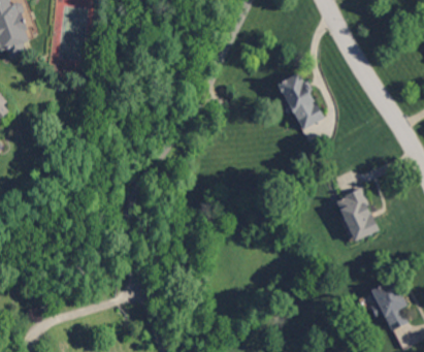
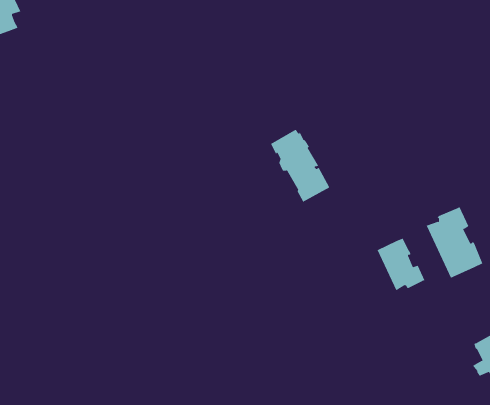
building: [279,73,324,129] -> [270,129,330,202]
building: none -> [377,238,425,291]

